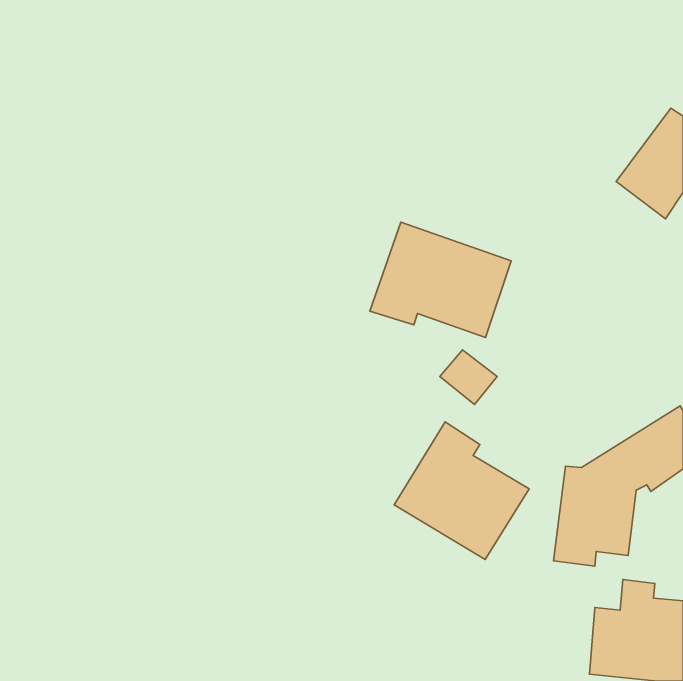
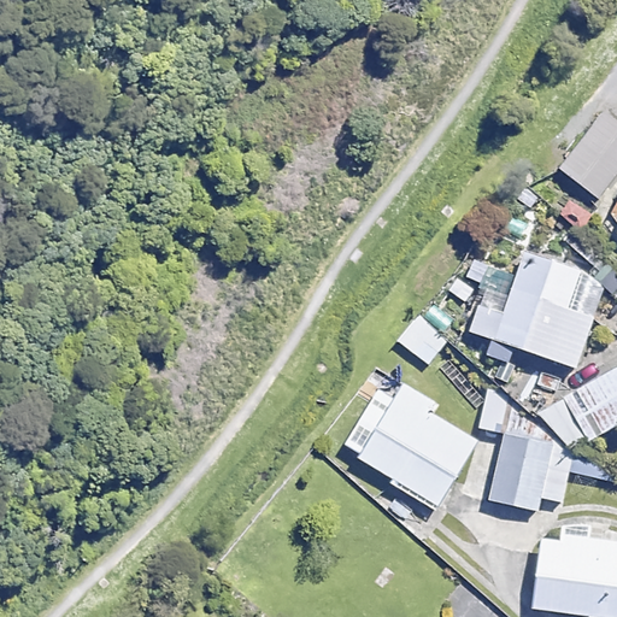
building: [370,222,511,338] -> none
building: none -> [469,249,592,368]

